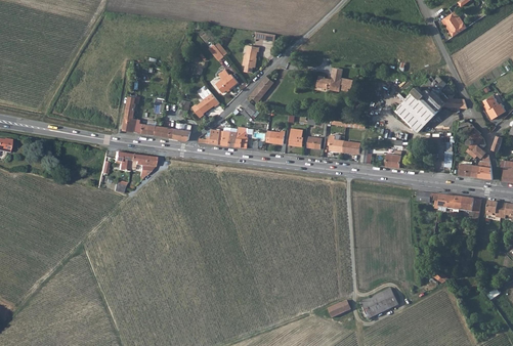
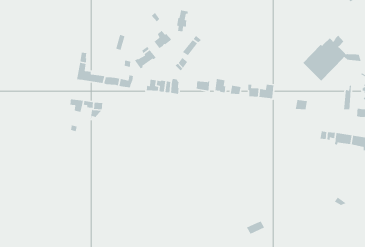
building: [316,69,352,92] -> none
building: [359,287,397,318] -> none

